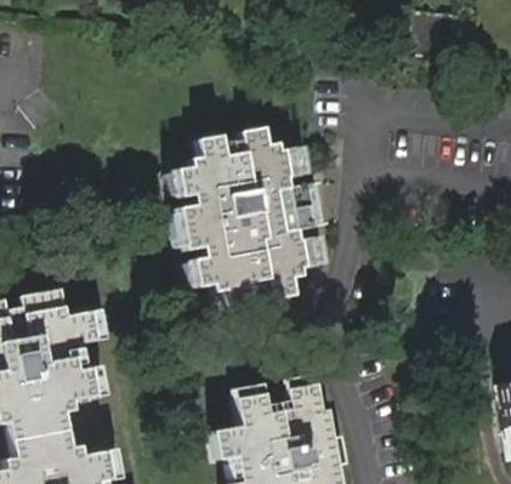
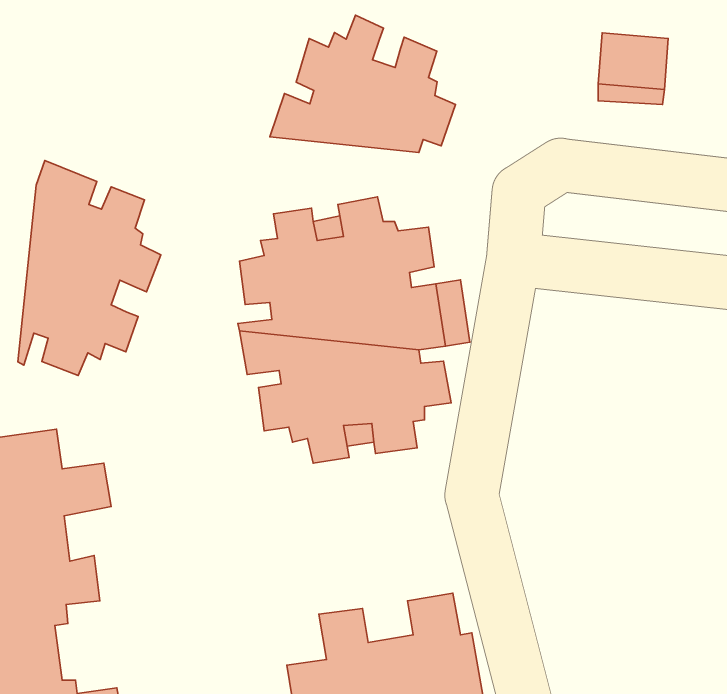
building: none -> [270,15,455,153]
building: none -> [18,160,161,375]

